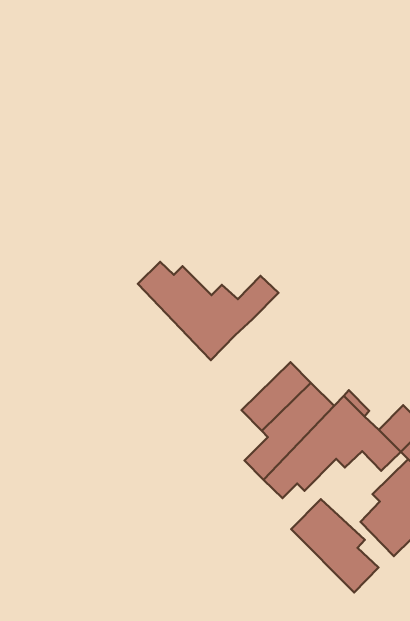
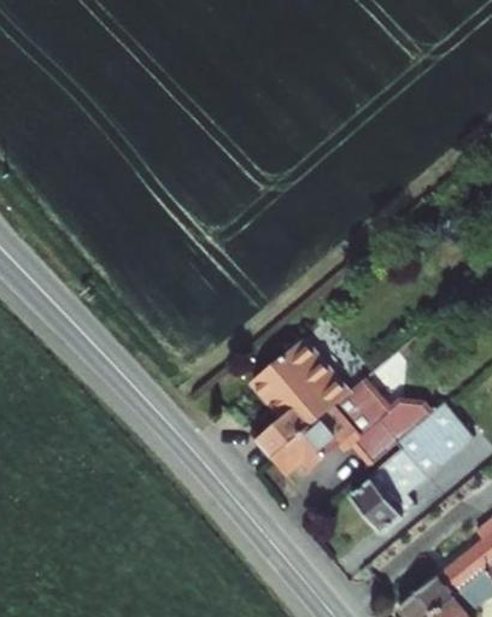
building: [138,262,279,360] -> none
building: [291,499,378,593] -> none

